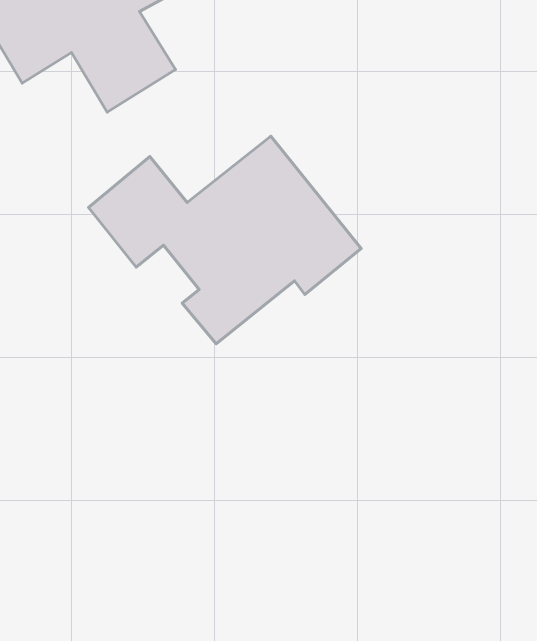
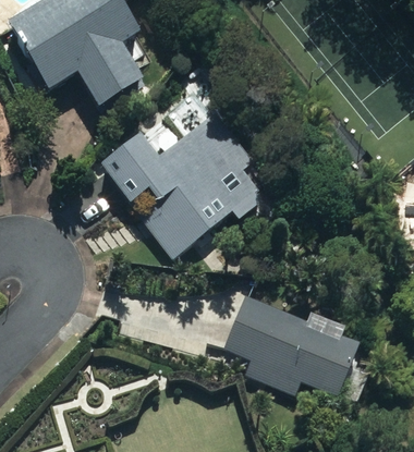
building: none -> [216,292,354,395]

